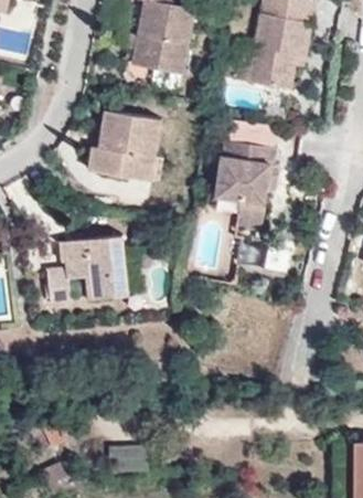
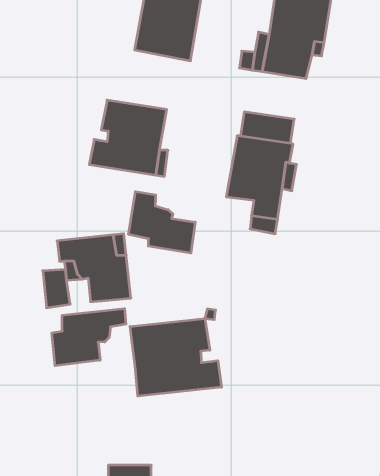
building: none -> [129,192,195,253]
building: none -> [52,309,126,366]
building: none -> [130,318,221,396]

